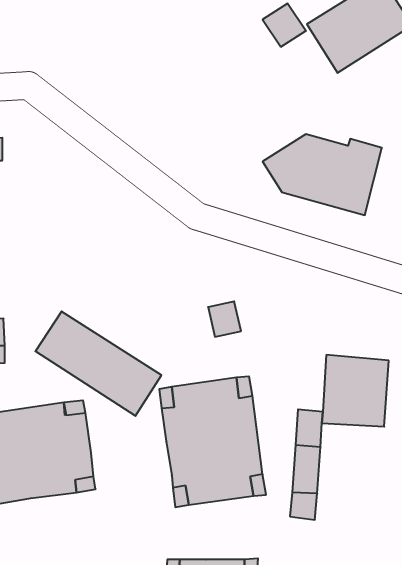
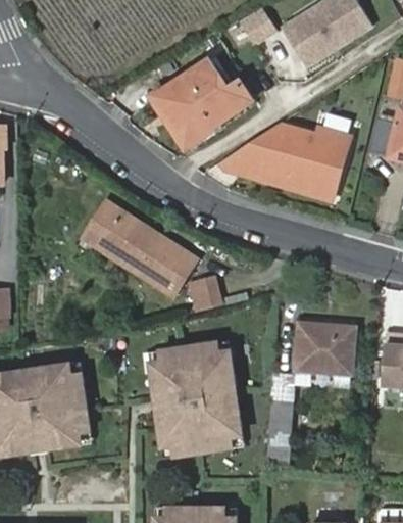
building: none -> [156,60,252,143]
building: [35,311,161,416] -> [83,201,196,295]

